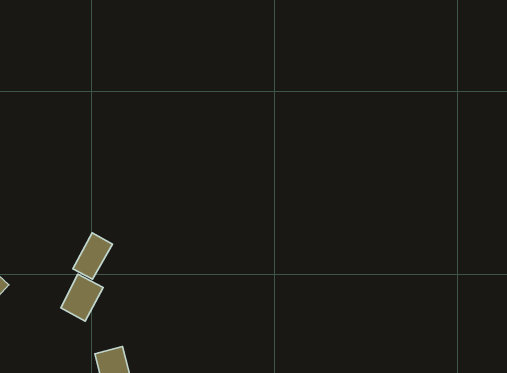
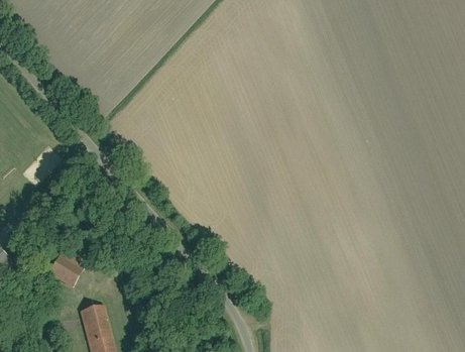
building: [73,233,112,279] -> none

